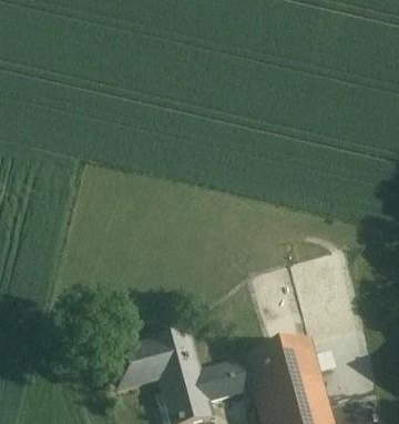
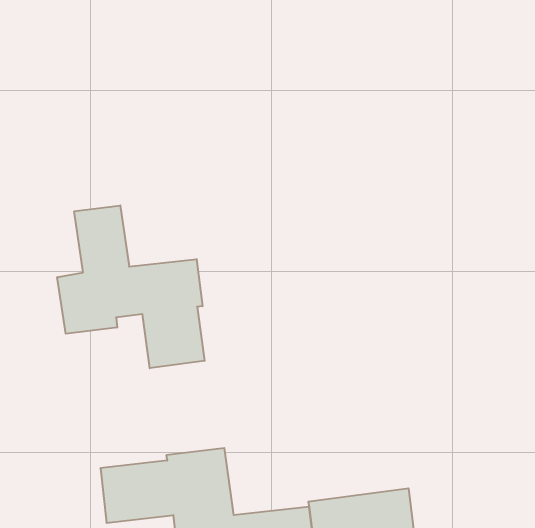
building: none -> [57,205,204,368]

